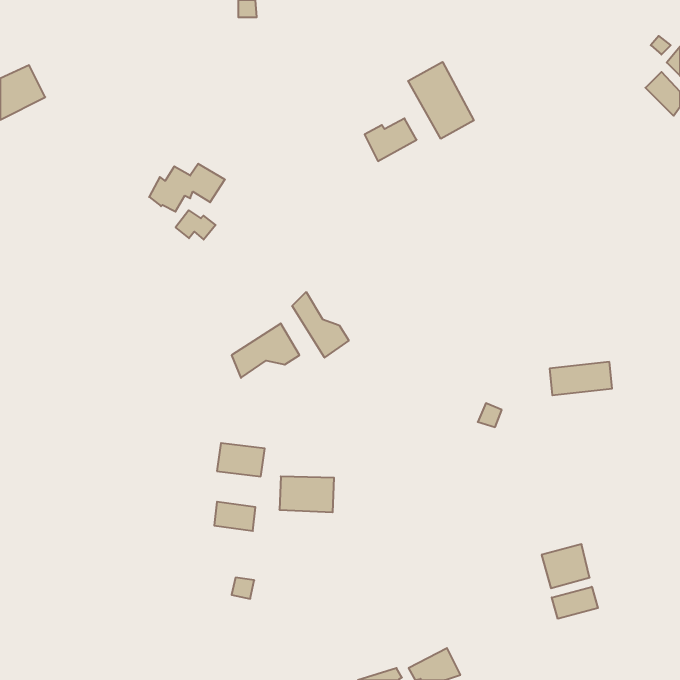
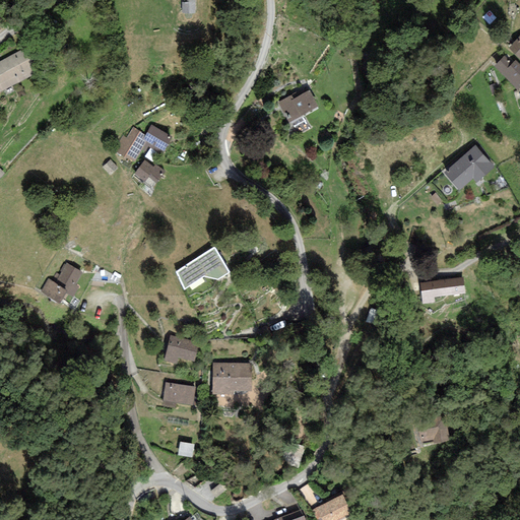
building: [408,62,474,139] -> none
building: none -> [445,145,495,189]
building: [292,292,349,358] -> none
building: none -> [49,270,81,303]
building: [552,587,598,619] -> none

